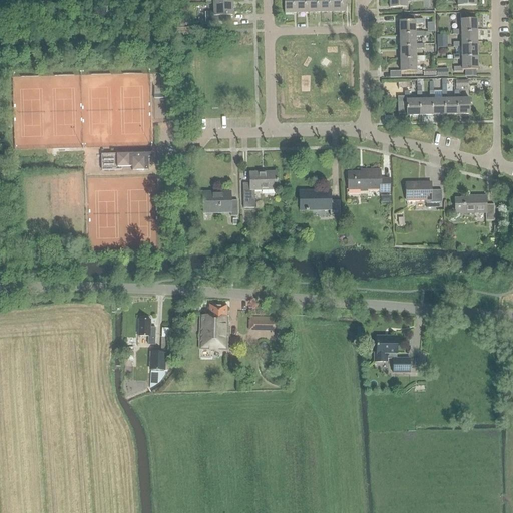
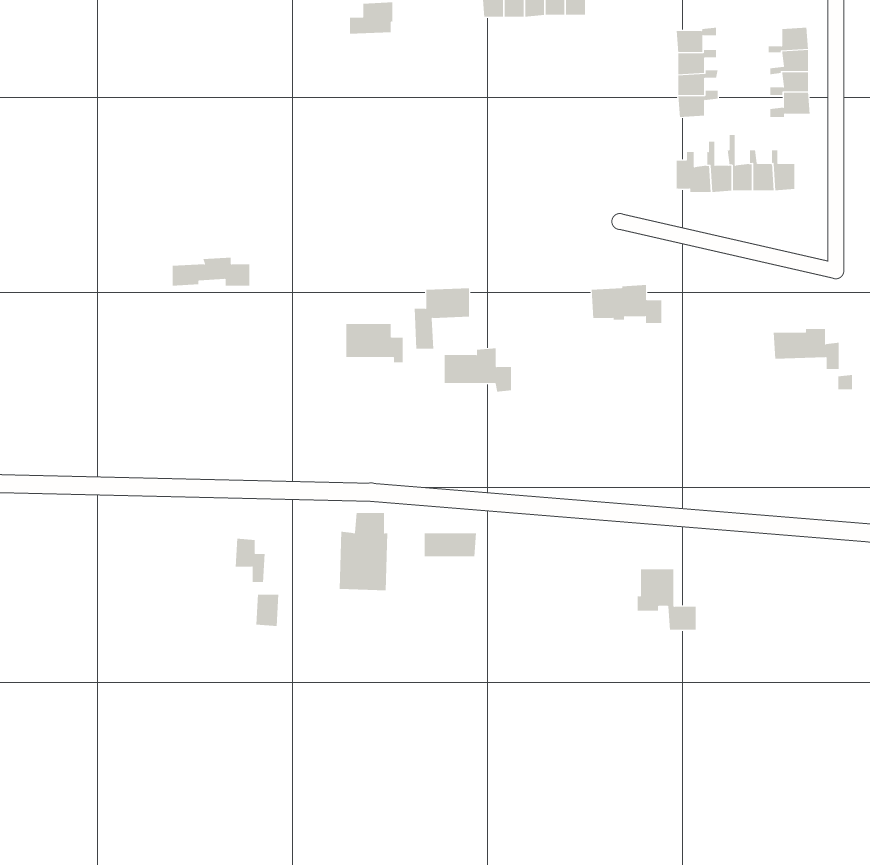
building: [406,179,442,205] -> none
building: [300,187,340,213] -> [444,348,512,392]

